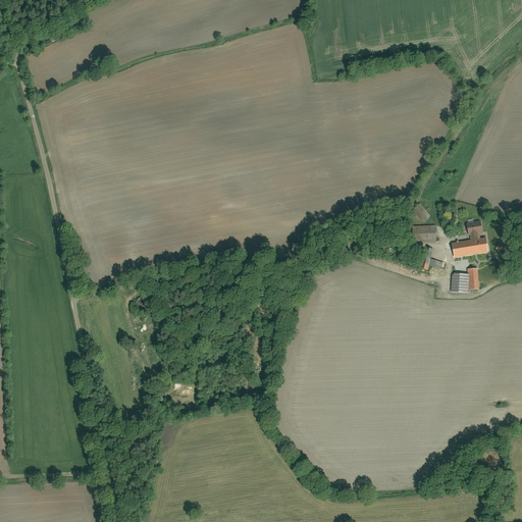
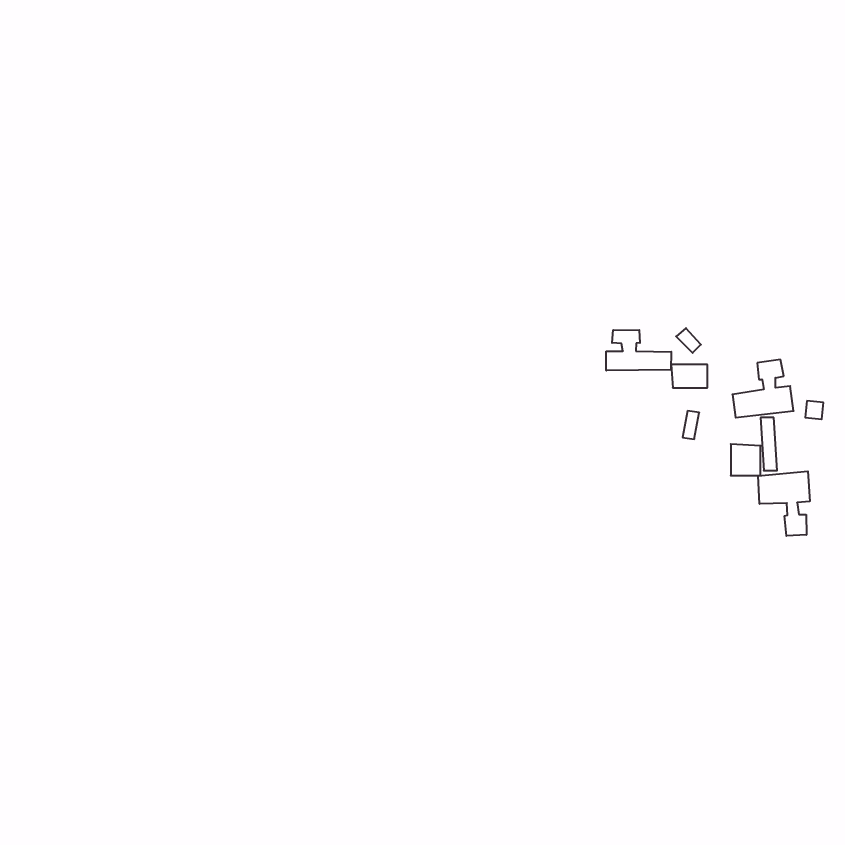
building: none -> [606,330,671,371]
building: none -> [758,471,810,536]

